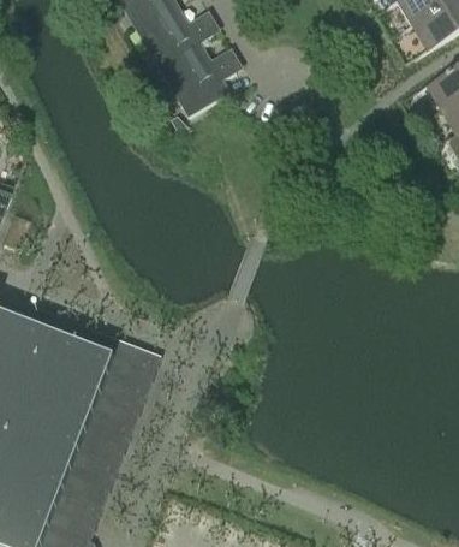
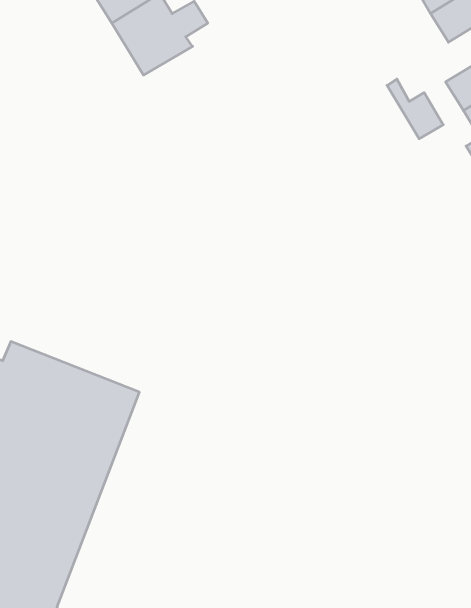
building: [163,48,243,117] -> none
building: none -> [387,79,443,139]

